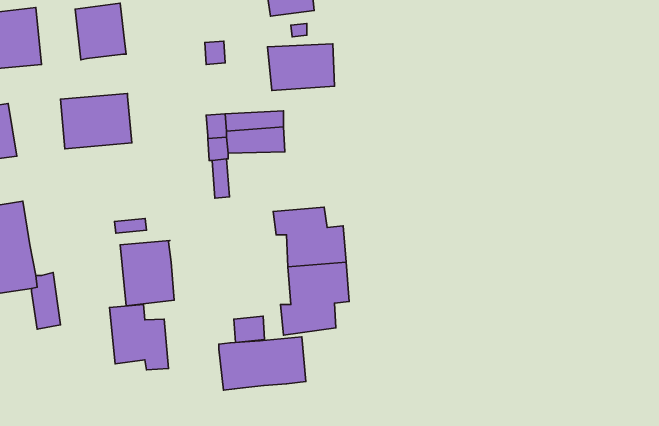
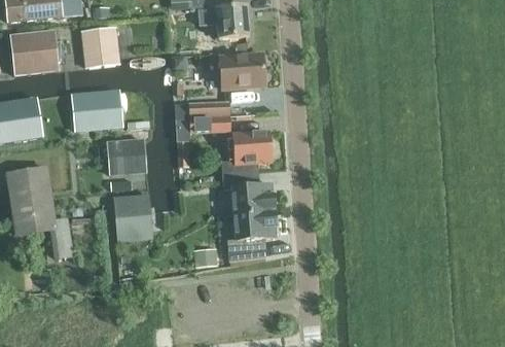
building: none -> [220,131,272,174]
building: none -> [107,139,145,174]
building: [109,304,169,370] -> none
building: [219,337,306,390] -> none

